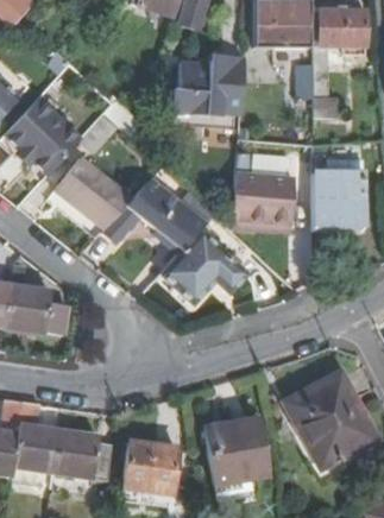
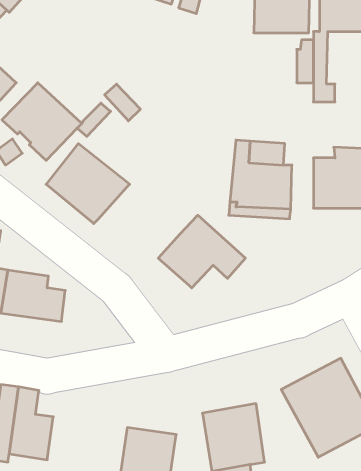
building: [170,59,245,118] -> none
building: [101,185,199,247] -> none
building: [50,429,113,478] -> none

